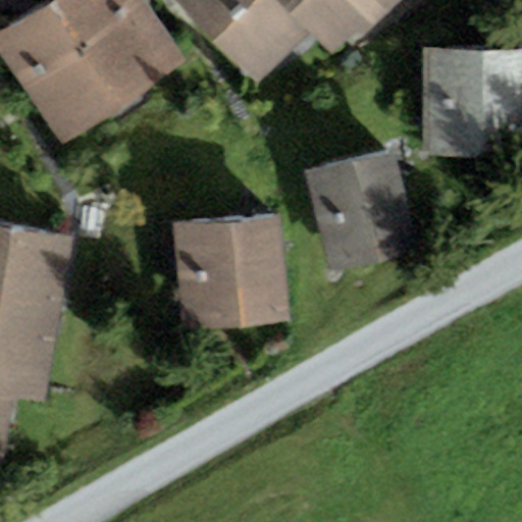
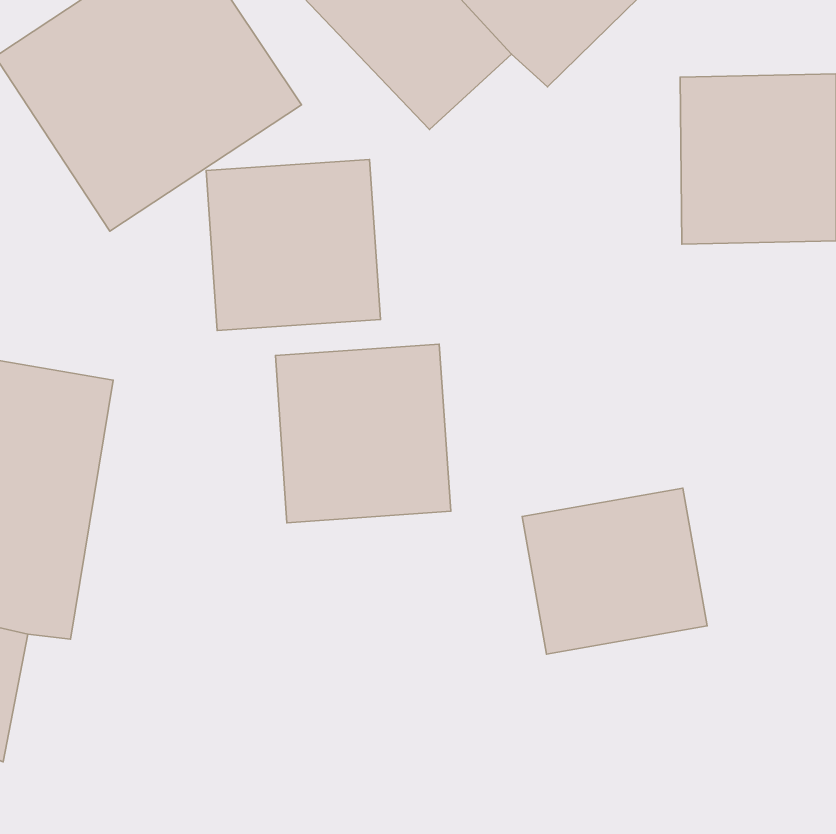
building: none -> [206,159,381,330]
building: [308,155,411,267] -> none
building: none -> [522,488,707,654]

